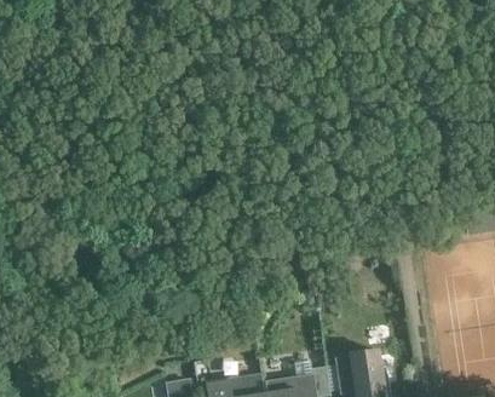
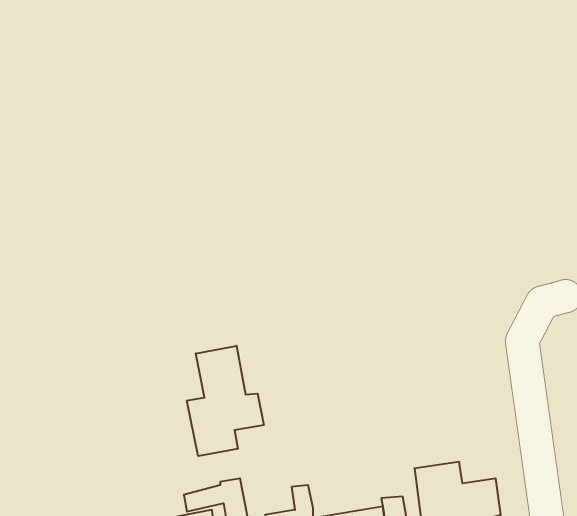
building: none -> [187,346,264,456]

